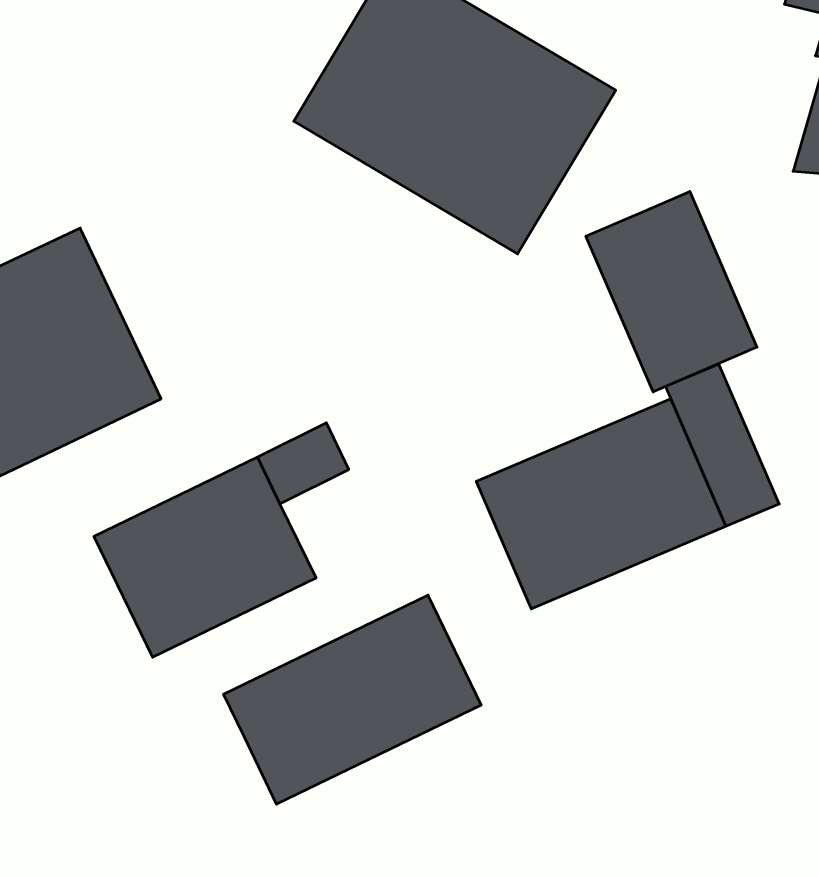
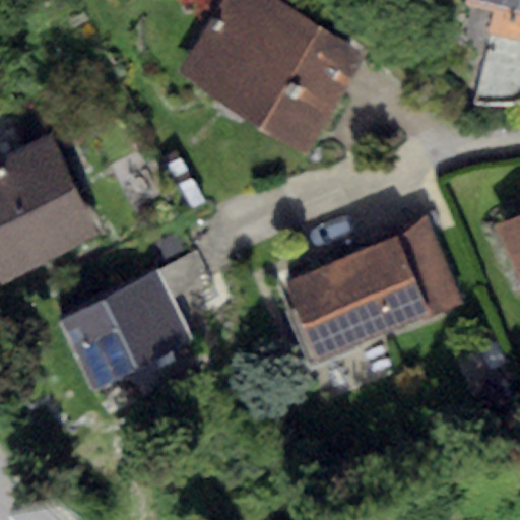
building: [586,191,757,392] -> none
building: [224,595,481,804] -> none

